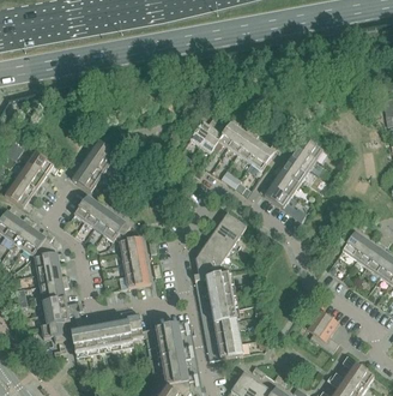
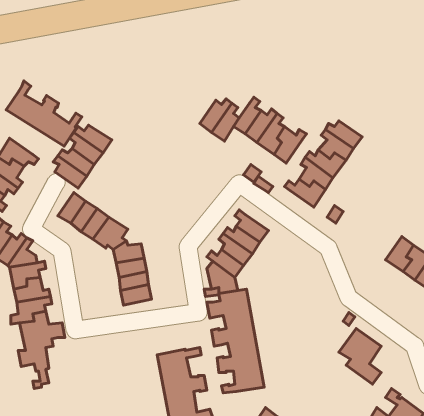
building: none -> [6,81,82,146]
building: [72,310,144,355] -> none

